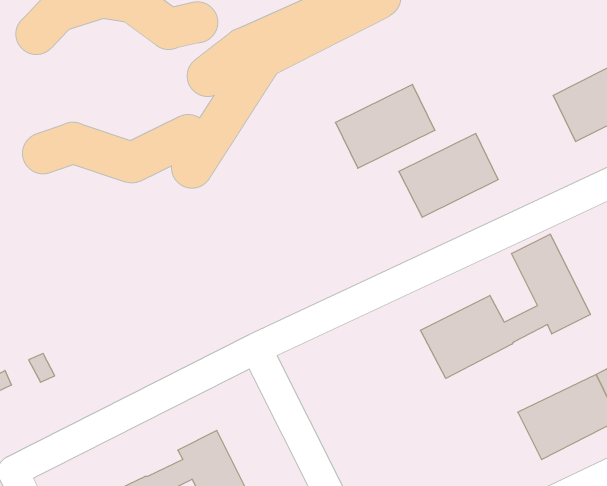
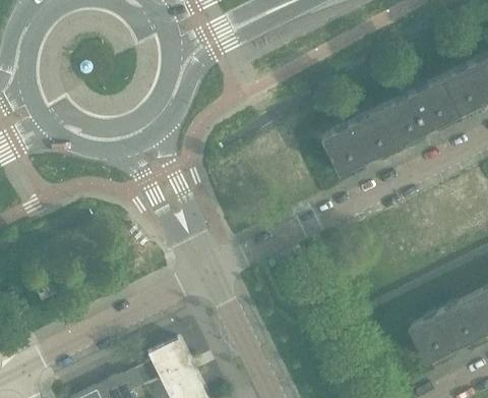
building: [335,85,435,168] -> [379,78,456,144]
building: [420,234,590,378] -> none

